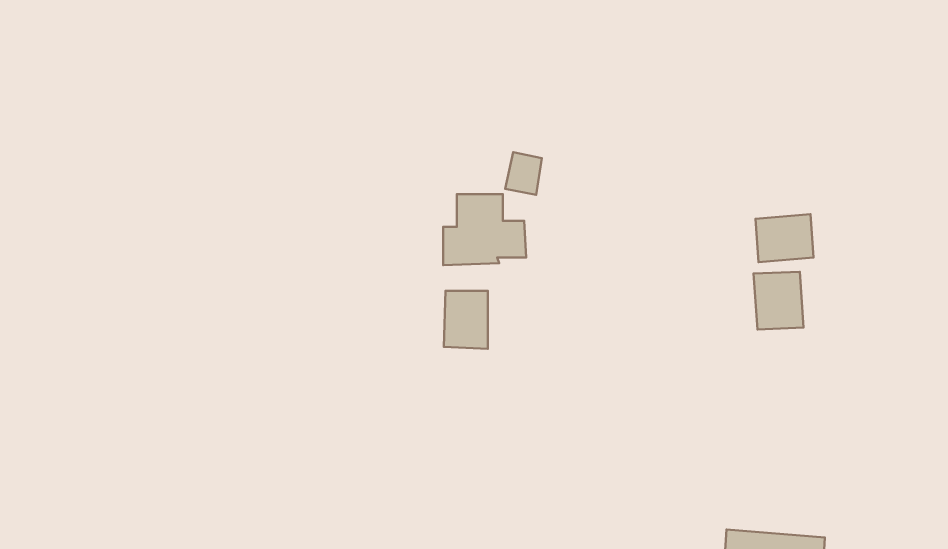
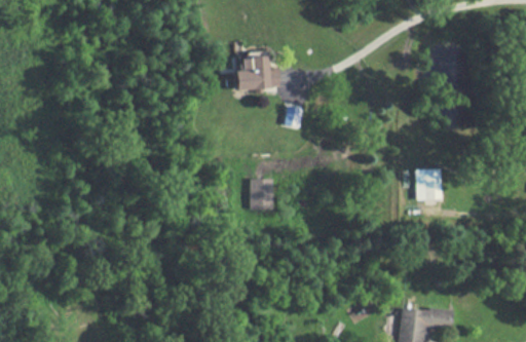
building: [443,194,526,265] -> [234,53,278,91]
building: [756,214,813,262] -> none

